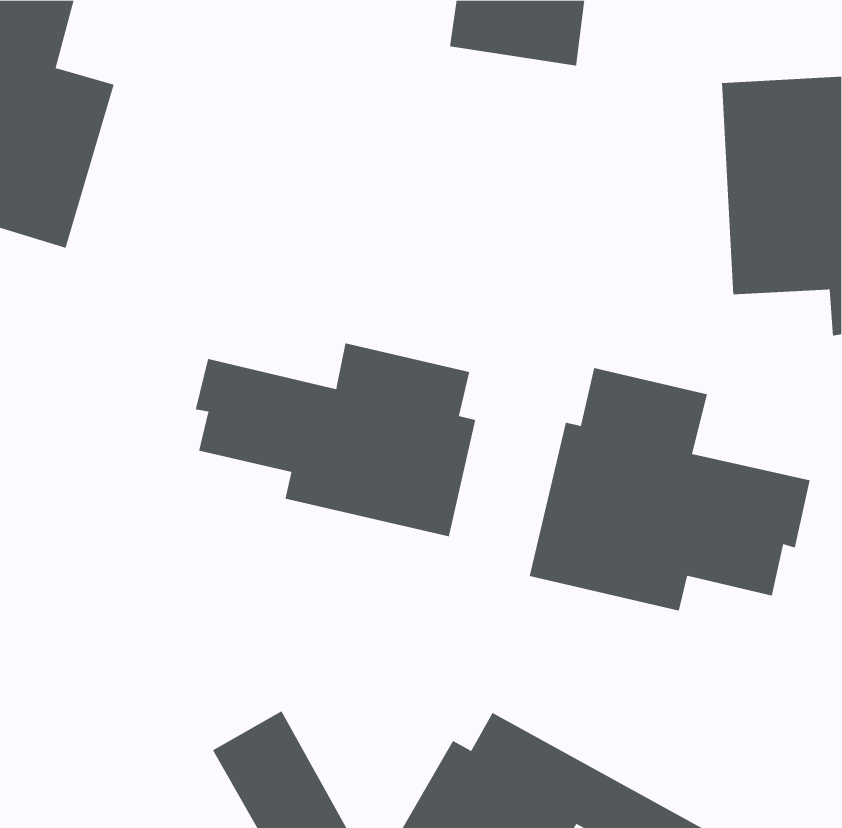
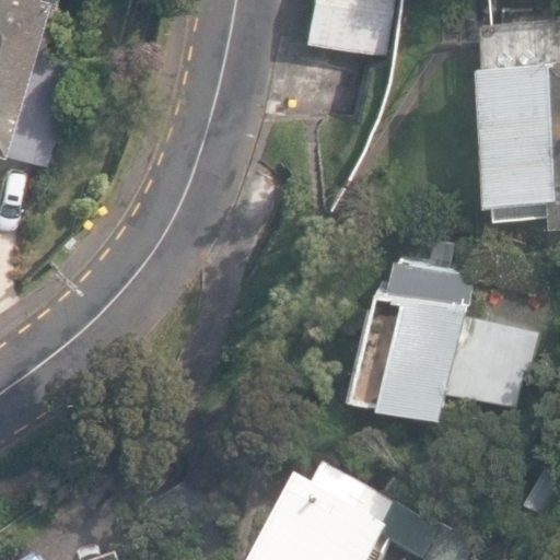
building: [195,343,476,537] -> none

